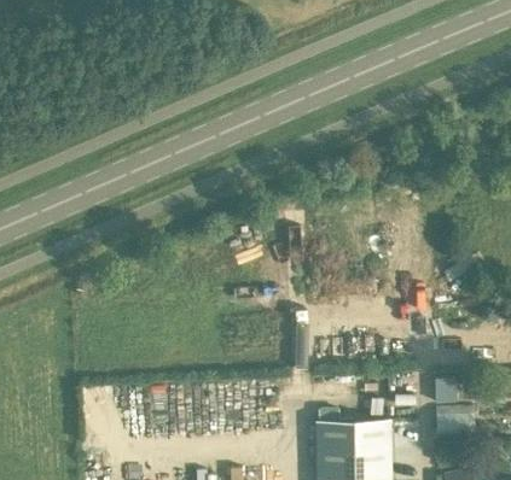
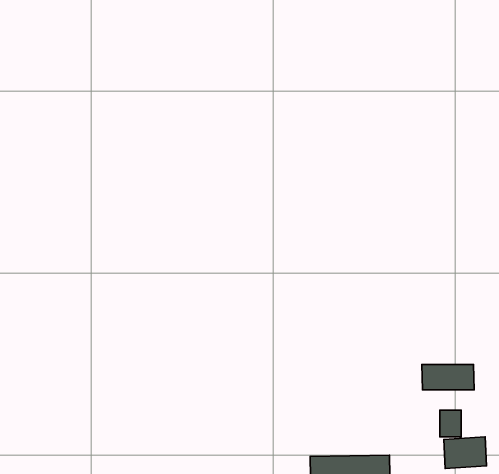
building: none -> [422,364,474,390]

